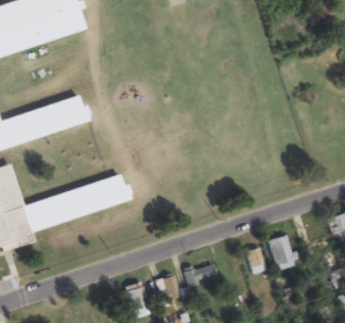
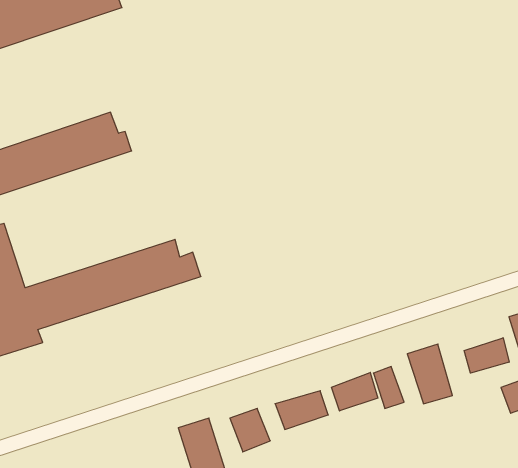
building: none -> [464,338,509,373]
building: none -> [332,372,378,411]

